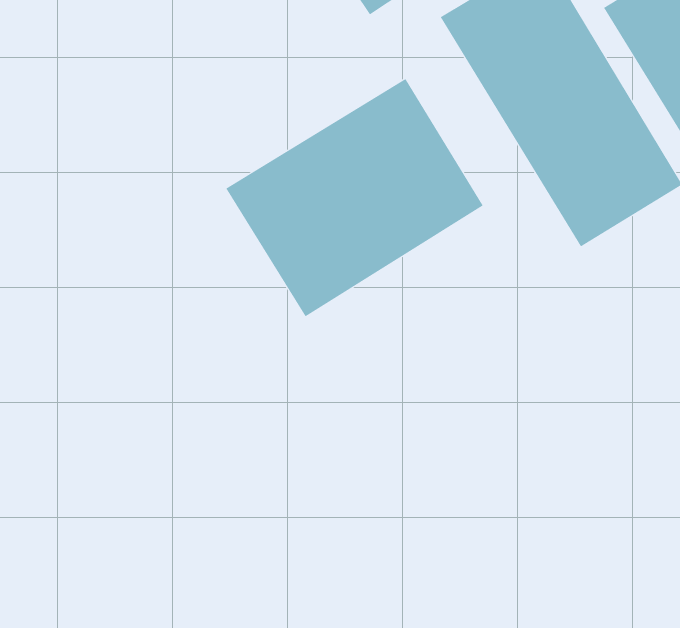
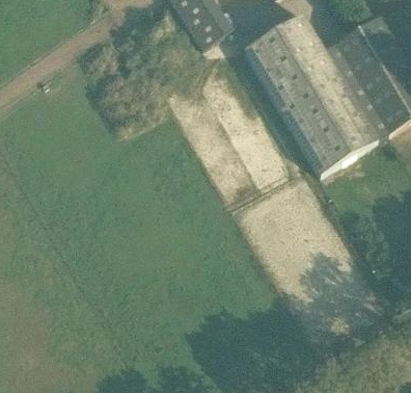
building: [226,78,483,317] -> none

